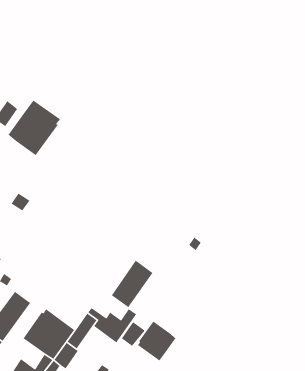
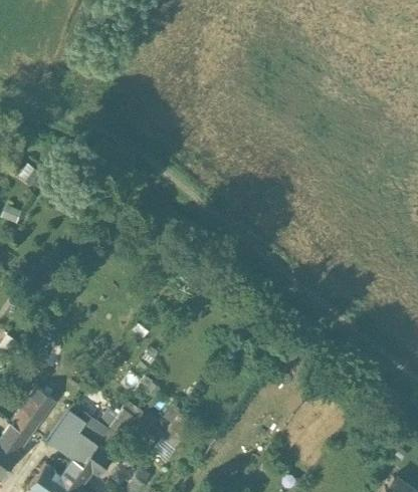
building: [7,100,61,156] -> none
building: [111,259,154,308] -> none
building: [137,321,177,361] -> none

